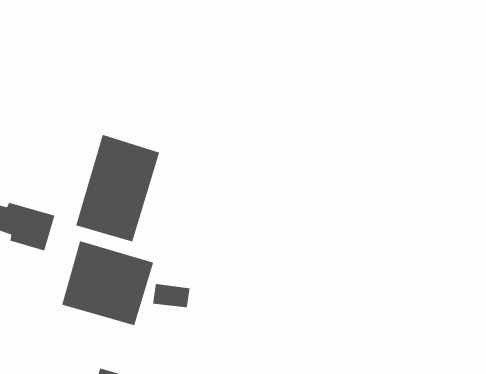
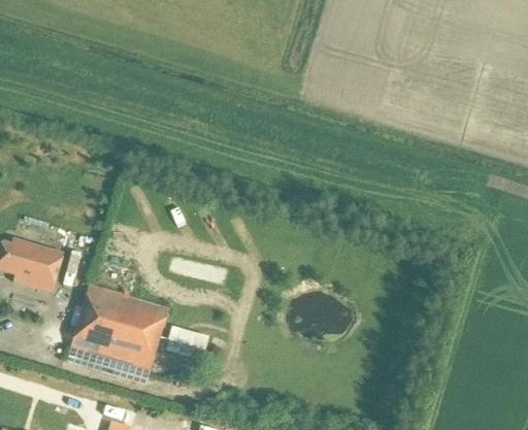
building: [75,134,160,242] -> none

